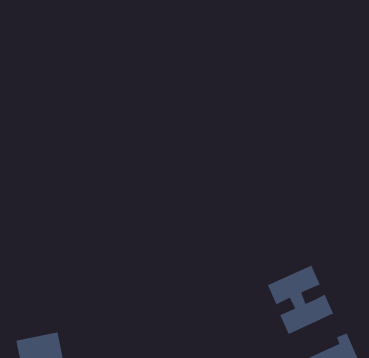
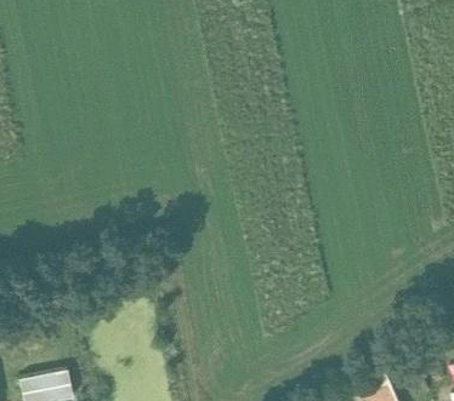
building: [267,265,334,335] -> none

